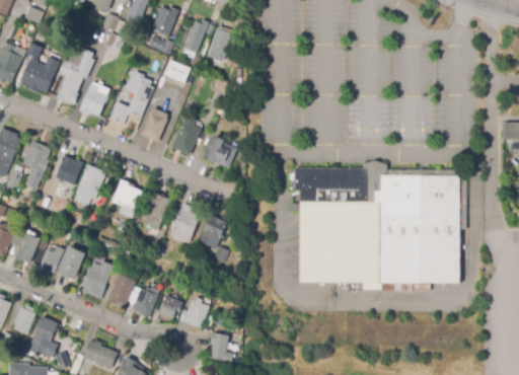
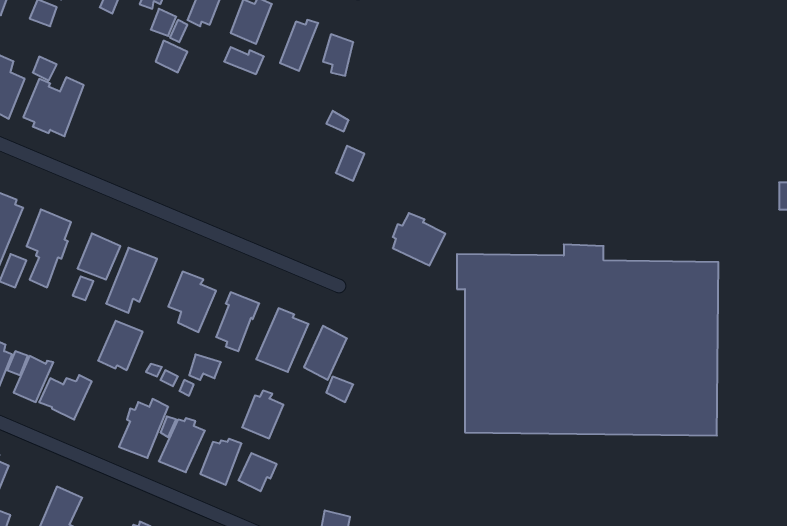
building: [55,45,93,103] -> none
building: [163,59,190,83] -> none
building: [108,71,153,125] -> none
building: [79,82,108,116] -> none
building: [140,107,167,142] -> none
building: [170,115,201,155] -> none
building: [204,135,237,168] -> [393,213,445,266]
building: [57,248,85,280] -> [98,321,143,370]
building: [182,297,209,327] -> [242,391,284,438]
building: [12,305,35,334] -> none

